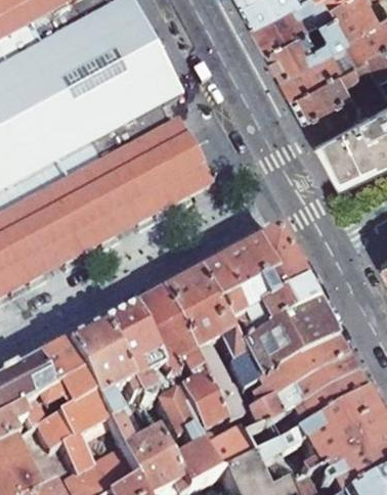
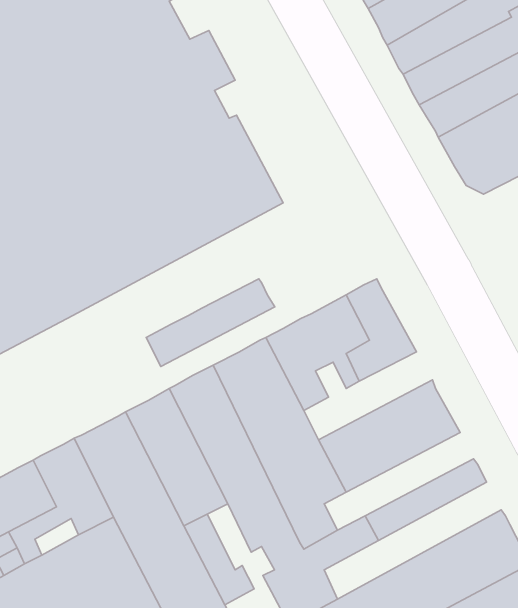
building: [224,285,314,347] -> [146,279,275,367]
building: [239,342,343,410] -> none
building: [239,376,362,458] -> none

